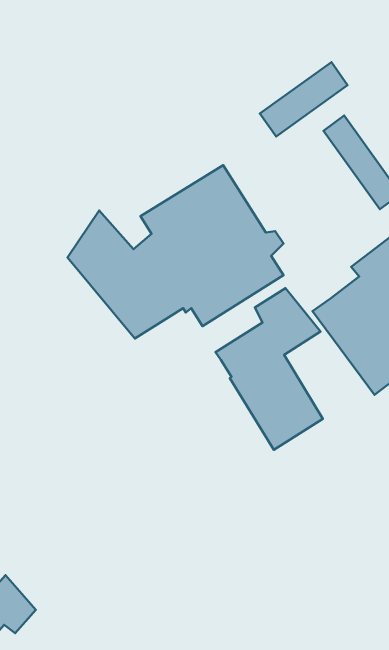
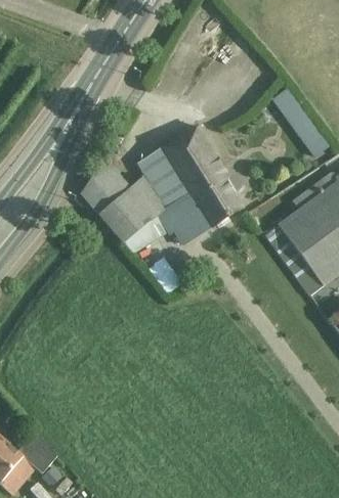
building: [260,62,348,137] -> none
building: [215,288,323,450] -> none

